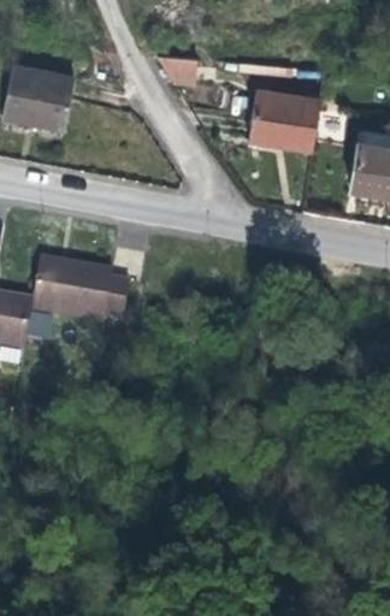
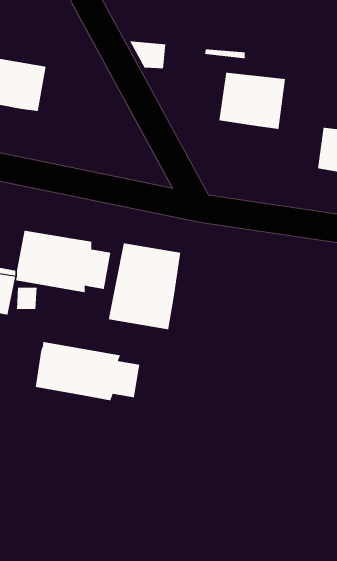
building: none -> [108,243,181,330]
building: none -> [35,341,140,401]

